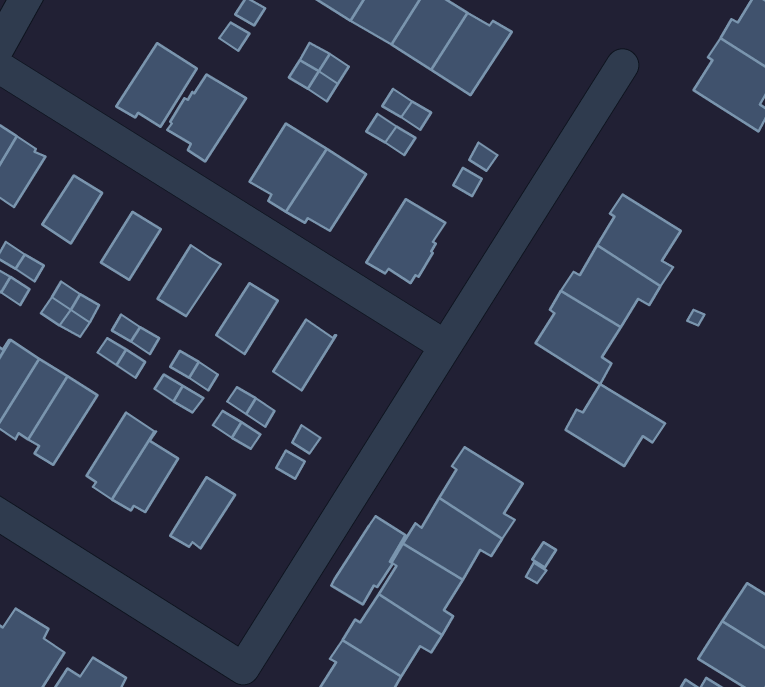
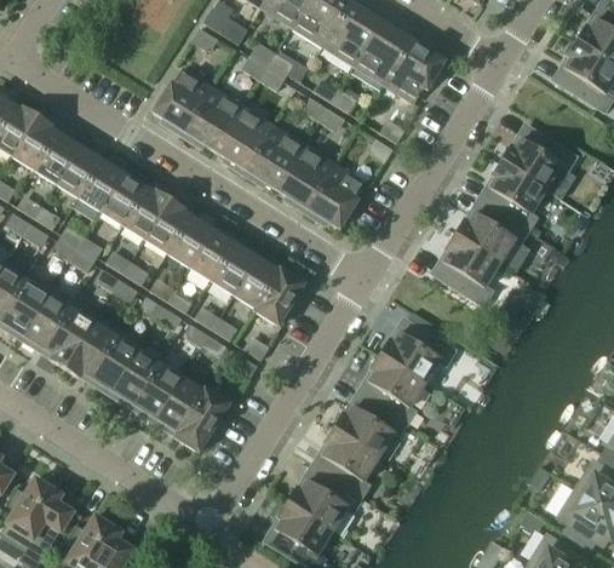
building: none -> [384,36,444,103]
building: [116,43,197,127] -> [180,87,242,151]
building: none -> [500,126,576,189]
building: none -> [34,132,80,184]
building: none -> [276,145,334,213]
building: none -> [78,160,125,213]
building: none -> [122,188,170,241]
building: none -> [166,214,214,269]
building: none -> [211,242,258,297]
building: none -> [254,269,304,326]
building: [566,384,665,466] -> [379,320,455,383]
building: none -> [64,315,120,378]
building: none -> [134,363,182,423]
building: [331,516,406,605] -> [174,384,231,452]

